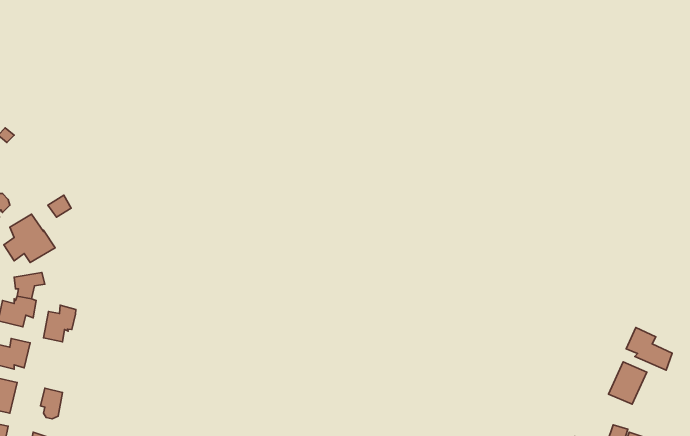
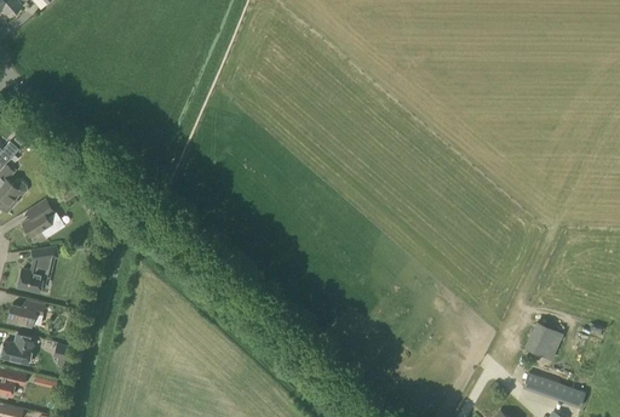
building: [43,305,76,342] -> none
building: [626,328,672,370] -> none

